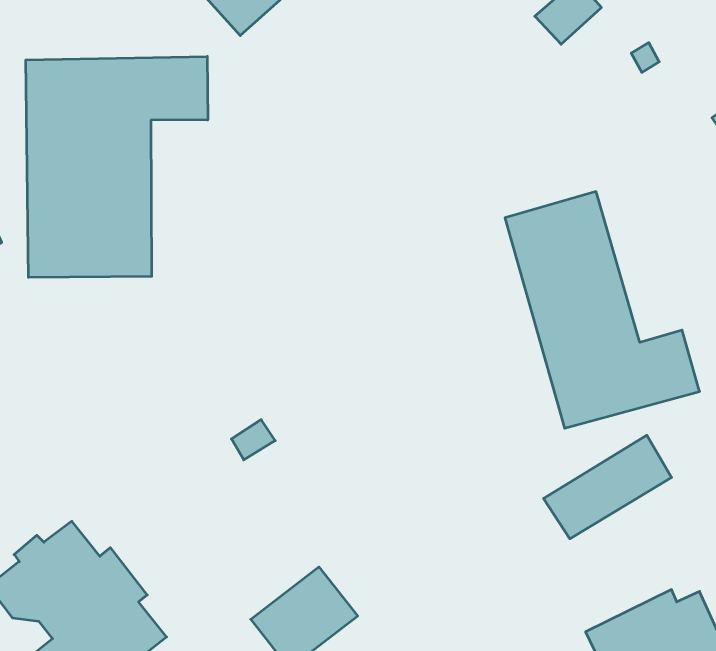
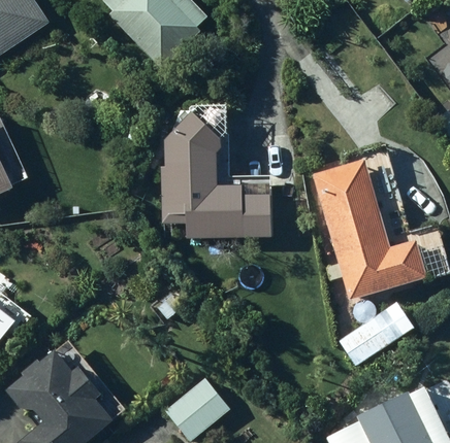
building: [26,56,208,277] -> none
building: none -> [162,105,271,237]

